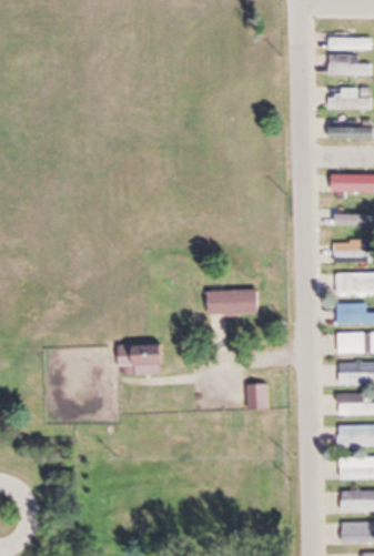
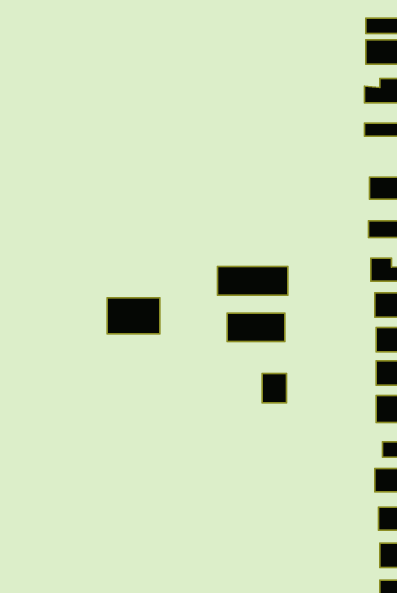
building: none -> [218,267,288,295]
building: [118,344,163,375] -> [107,298,160,334]
building: [245,384,266,410] -> [262,373,287,403]

